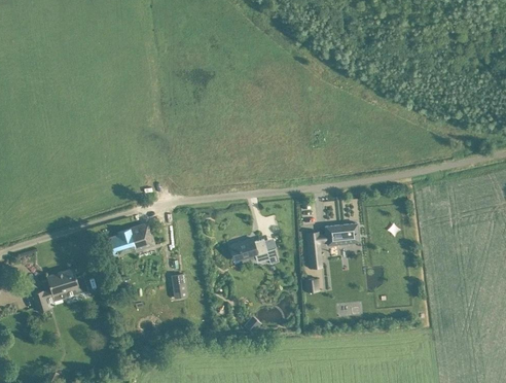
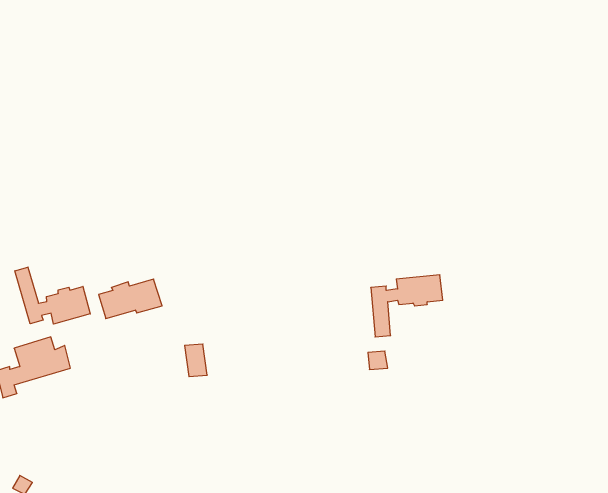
building: none -> [15,267,90,324]
building: [229,237,279,263] -> none

